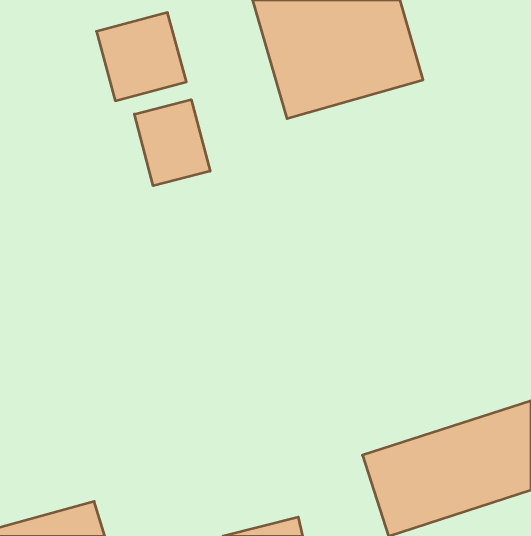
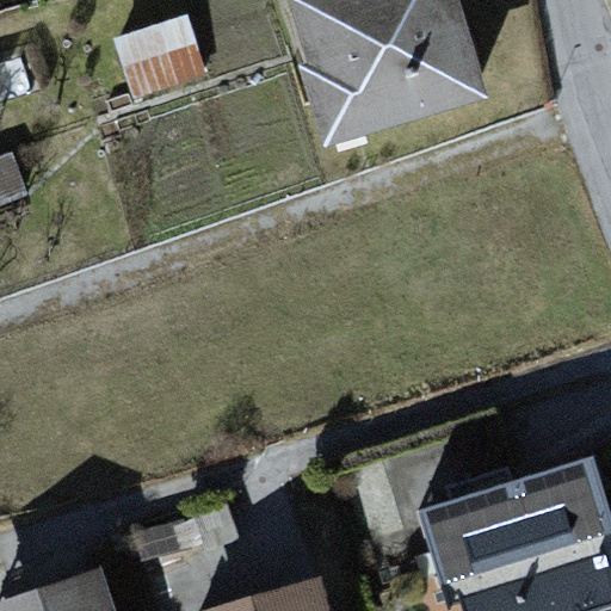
building: [134,100,210,186] -> none

